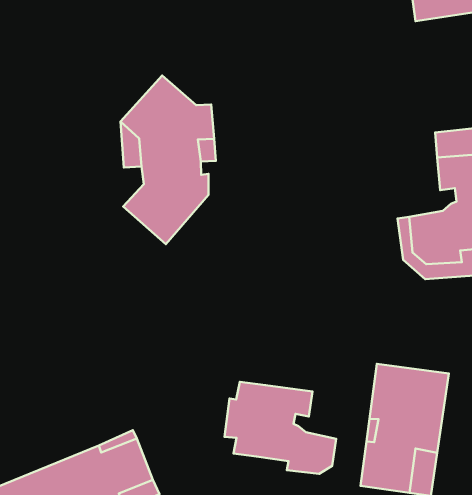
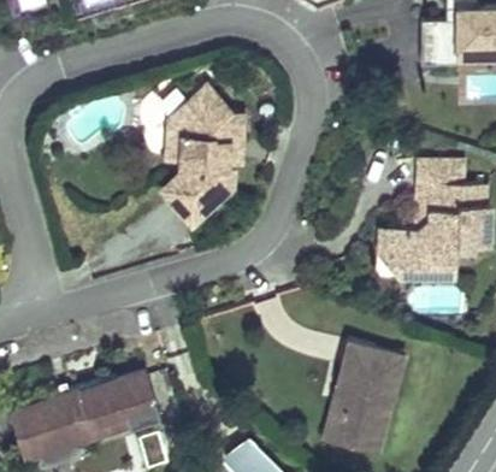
building: [224,382,336,474] -> none

